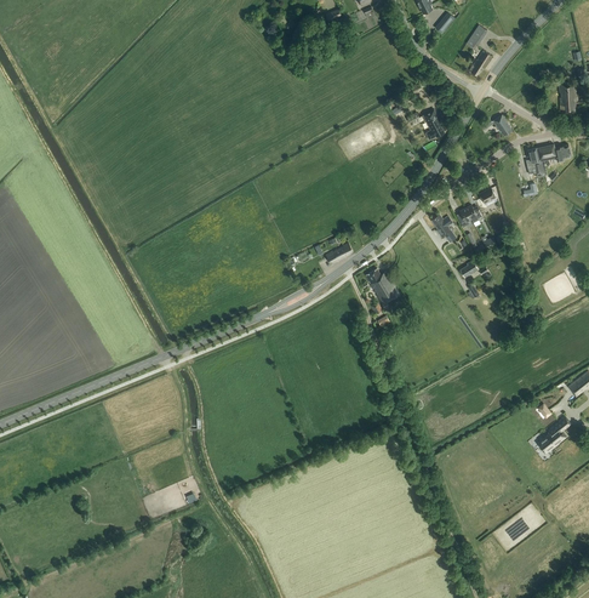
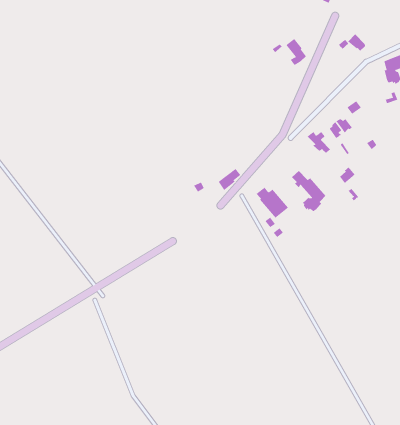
building: none -> [291,170,326,212]

